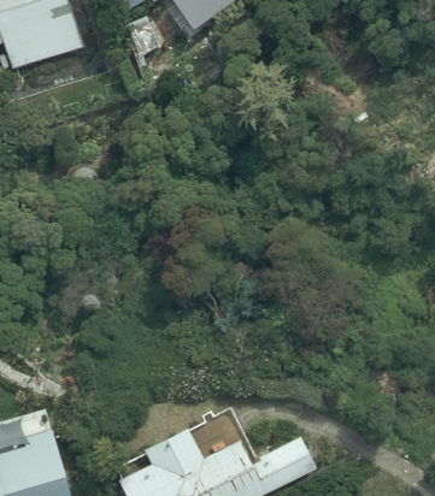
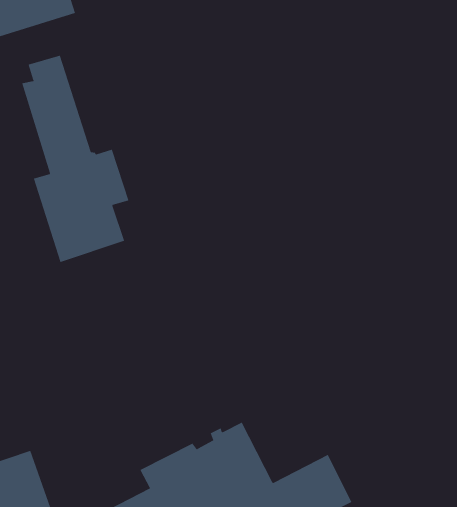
building: none -> [22,55,129,263]

